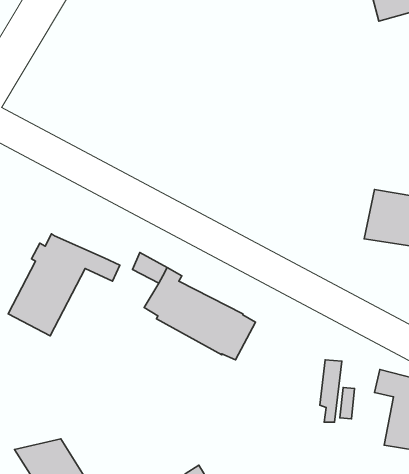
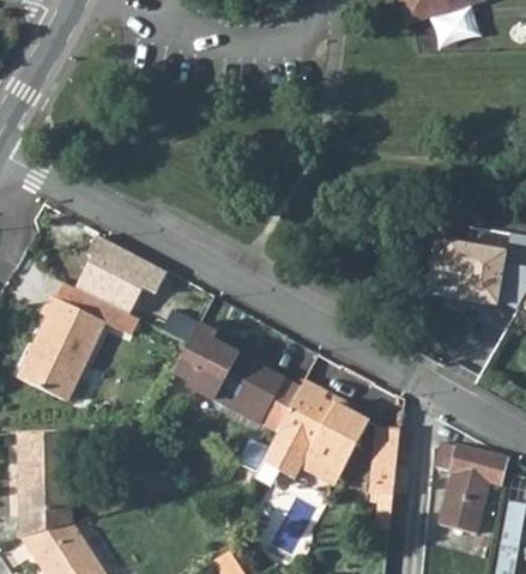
building: none -> [71,236,167,315]
building: none -> [261,381,365,477]
building: none -> [22,431,78,533]

